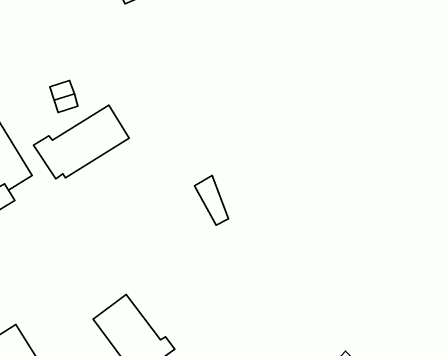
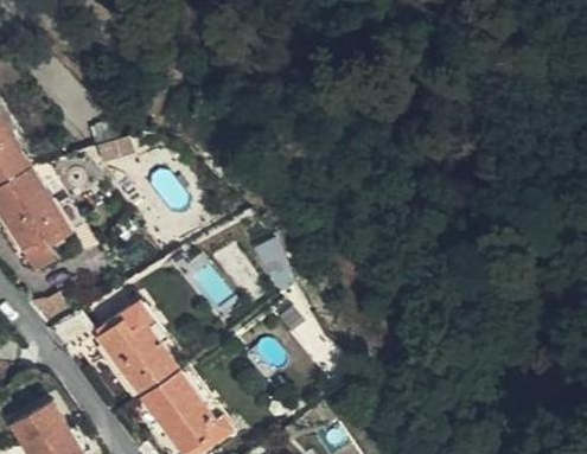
building: [33,105,129,179] -> none
building: none -> [97,309,178,397]

